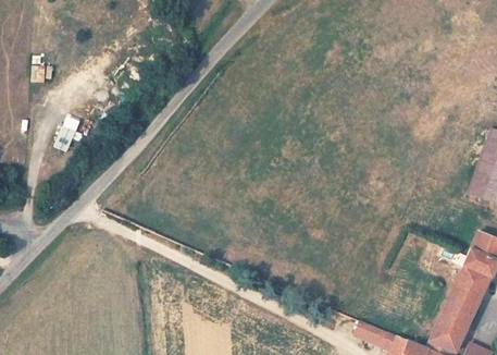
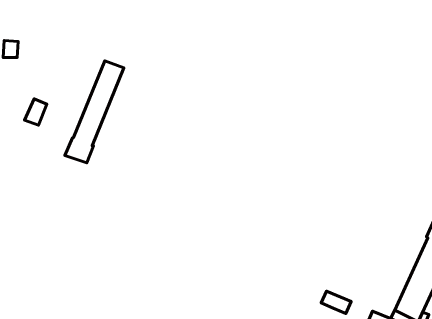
building: none -> [65,61,124,163]

